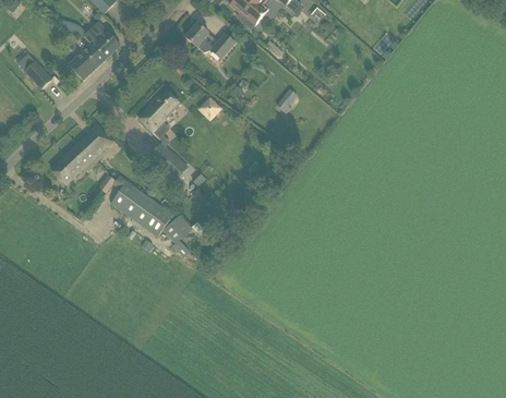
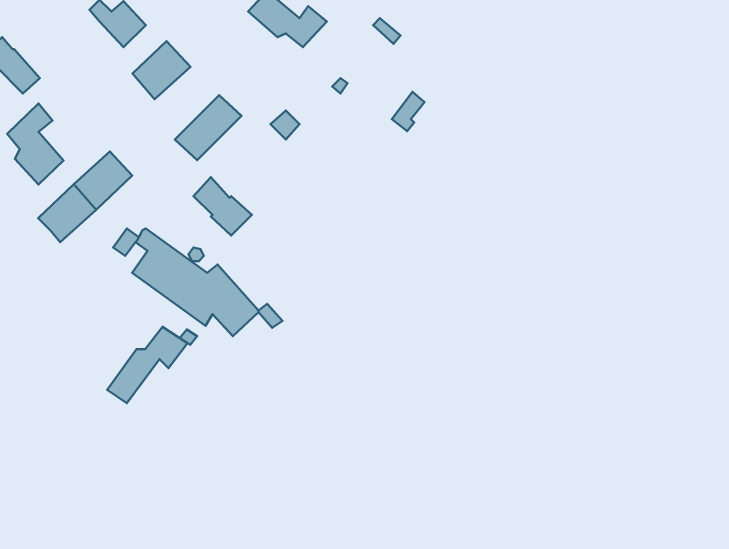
building: [69,43,106,80] -> [132,41,191,99]
building: none -> [7,104,64,184]
building: none -> [107,327,187,403]

